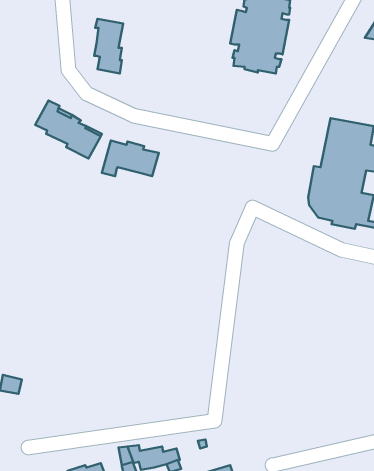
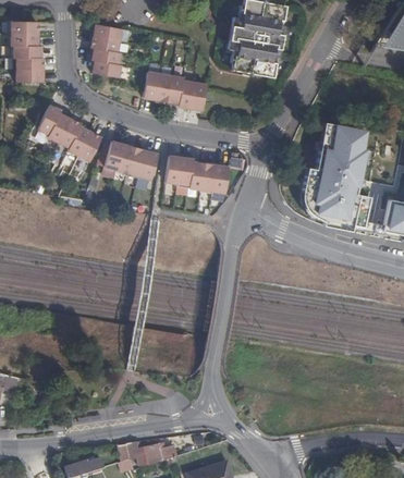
building: none -> [12,19,42,81]
building: none -> [143,71,206,106]
building: none -> [164,156,228,194]

